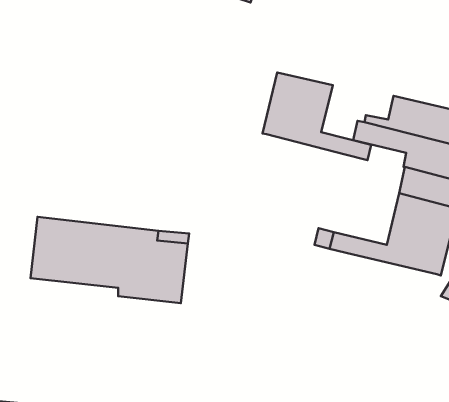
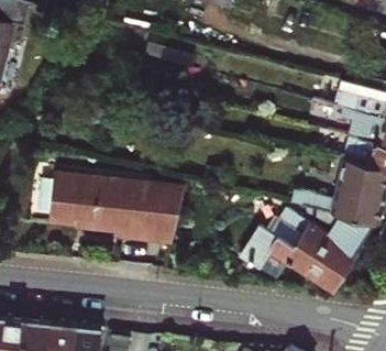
building: [262,72,371,160] -> none
building: none -> [239,206,375,290]

